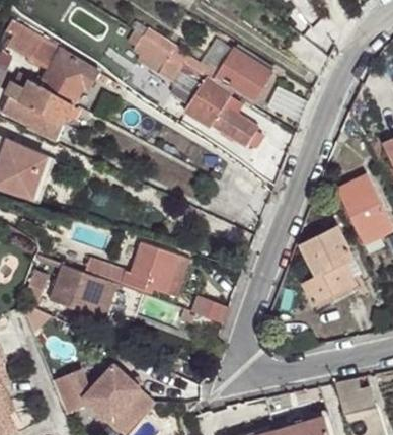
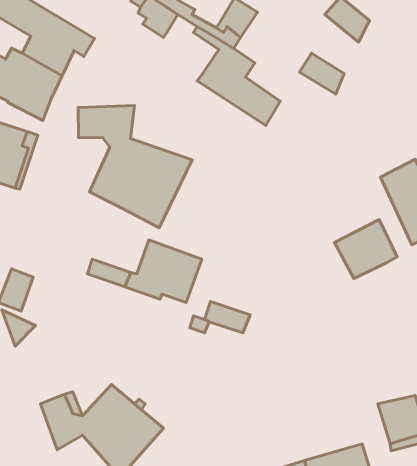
building: [219,52,272,102] -> none
building: [162,54,206,104] -> none
building: none -> [78,105,192,228]
building: [305,263,359,305] -> none
building: [53,264,121,320] -> none

